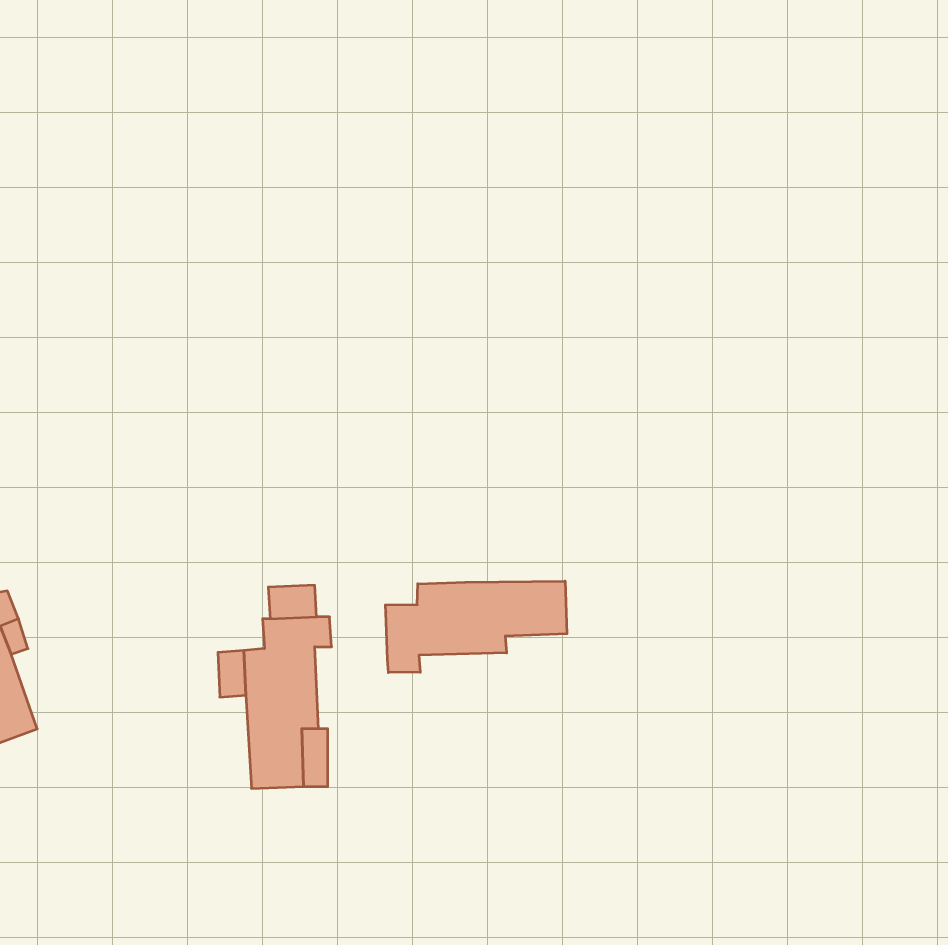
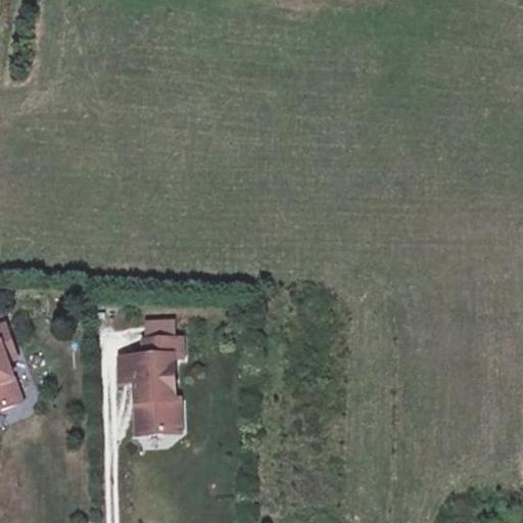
building: [385,581,567,673] -> none

